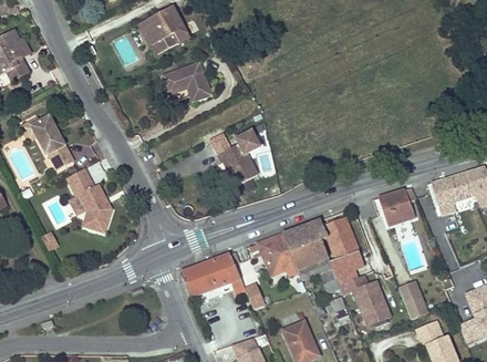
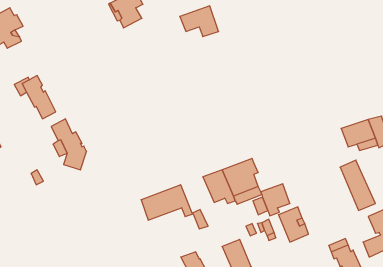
building: [163,64,211,103] -> [180,6,219,37]
building: [215,131,256,186] -> none
building: [379,187,417,225] -> none
building: [322,216,359,259] -> none
building: [398,280,427,318] -> none

